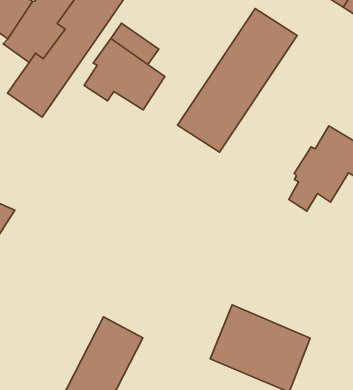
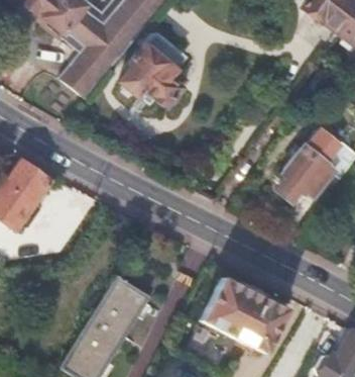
building: [177,8,297,152] -> none

